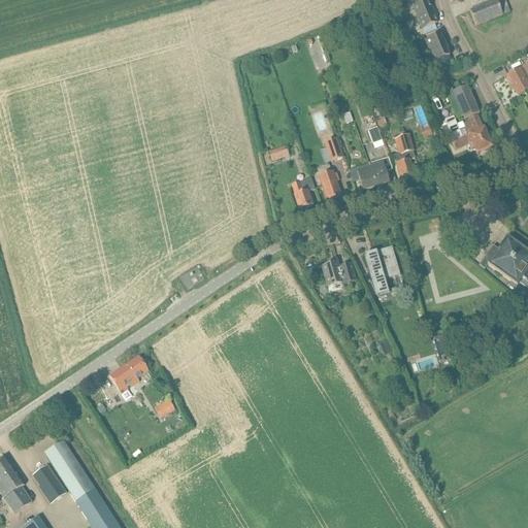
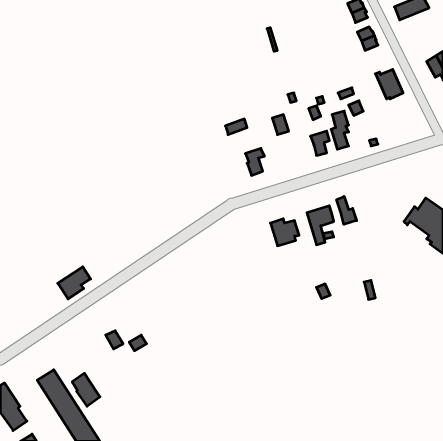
building: [439,114,491,151] -> none
building: [350,162,376,189] -> none
building: [319,169,341,199] -> none
building: none -> [337,196,357,224]
building: [109,355,148,393] -> [58,267,91,299]
building: [33,463,66,502] -> [72,373,100,406]

